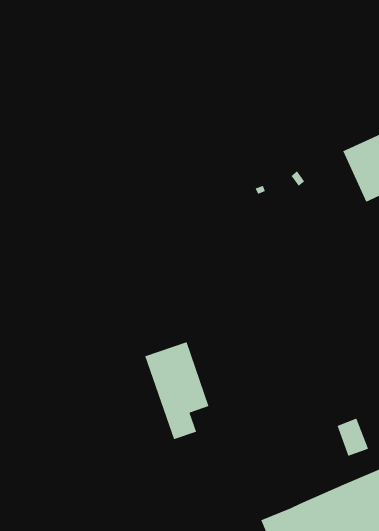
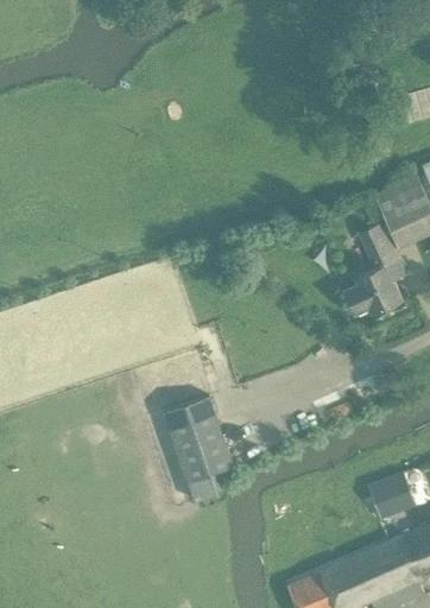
building: none -> [342,223,405,315]

